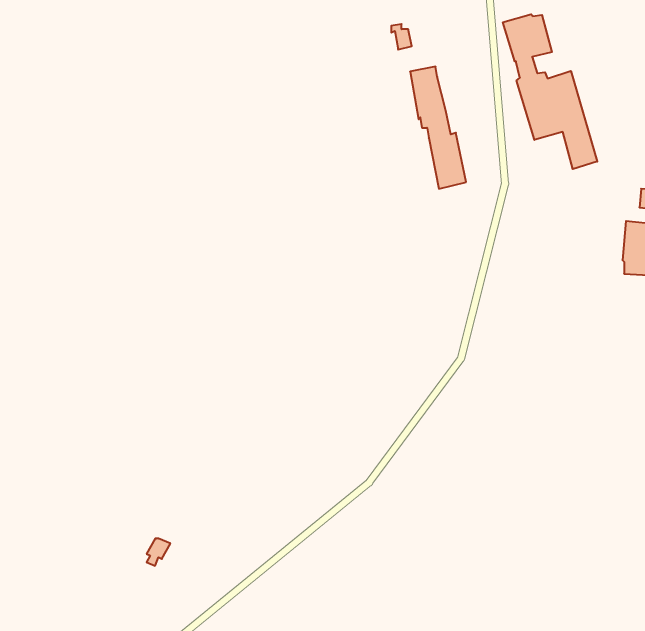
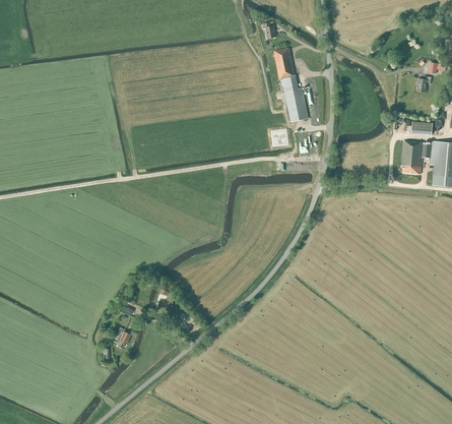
building: [503,14,597,169] -> none

